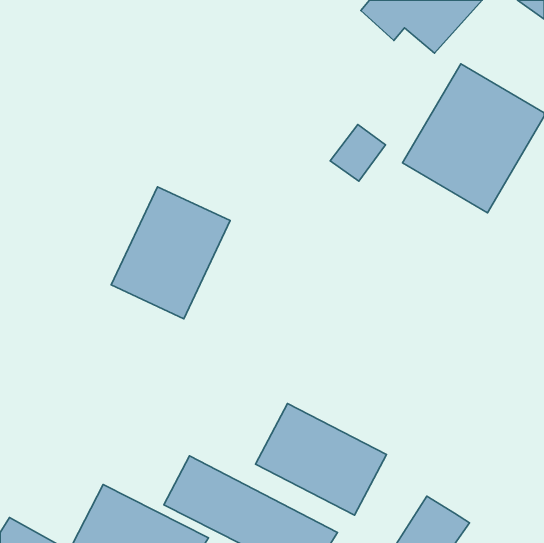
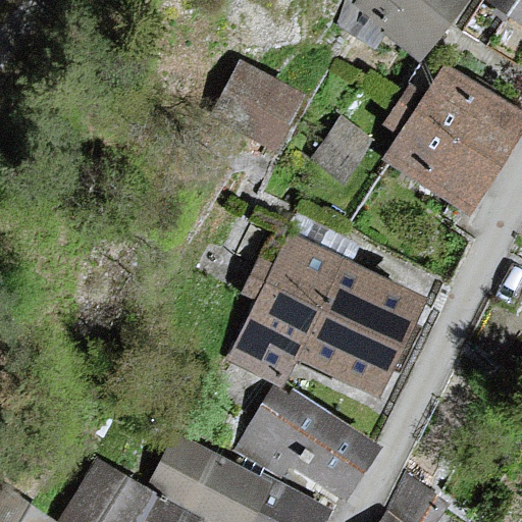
building: none -> [217,64,300,148]
building: [111,187,230,319] -> none
building: none -> [238,234,422,390]

